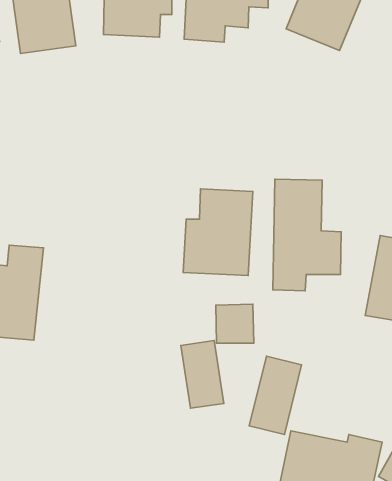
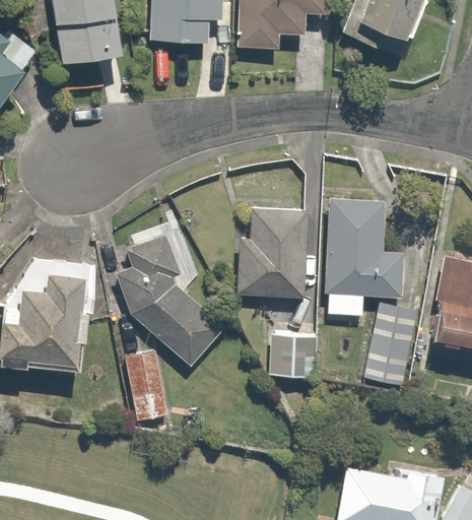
building: none -> [112,230,225,367]
building: [181,341,224,408] -> [126,347,172,419]
building: [249,356,302,434] -> [363,299,419,382]

